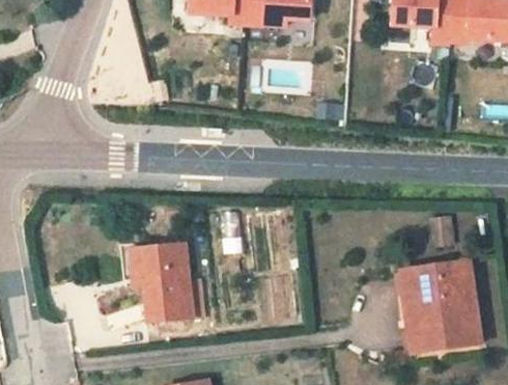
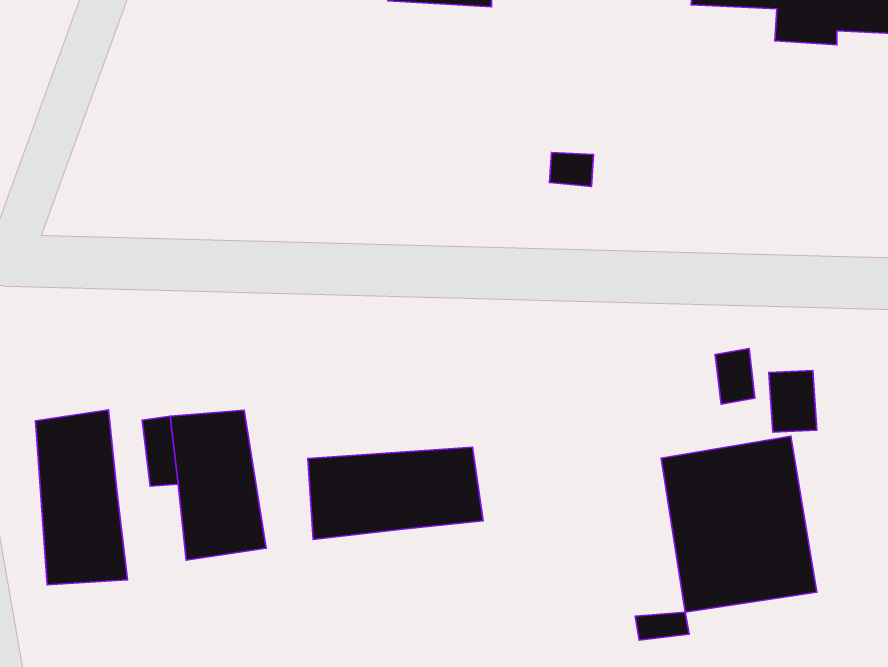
building: none -> [36,410,127,585]
building: none -> [308,447,483,540]

